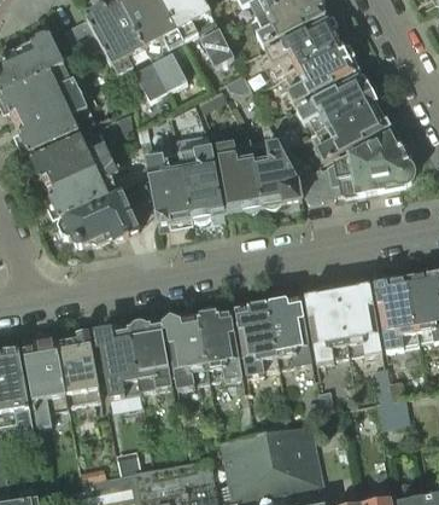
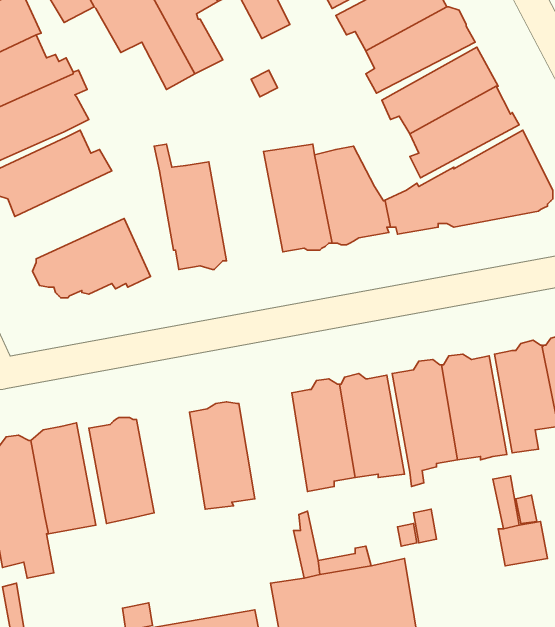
building: [176,132,224,220] -> none
building: [46,156,121,216] -> none
building: [199,308,242,381] -> none
building: [129,320,172,390] -> none

